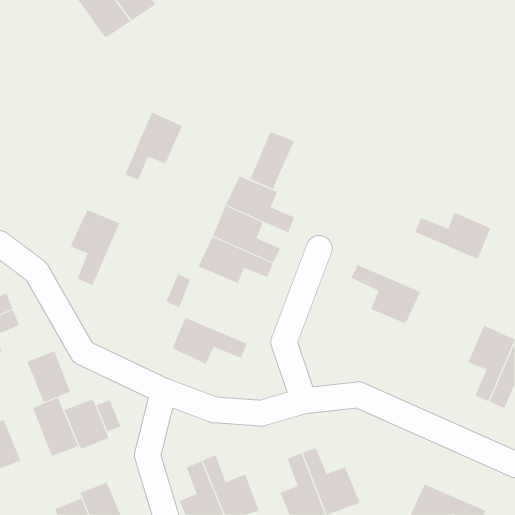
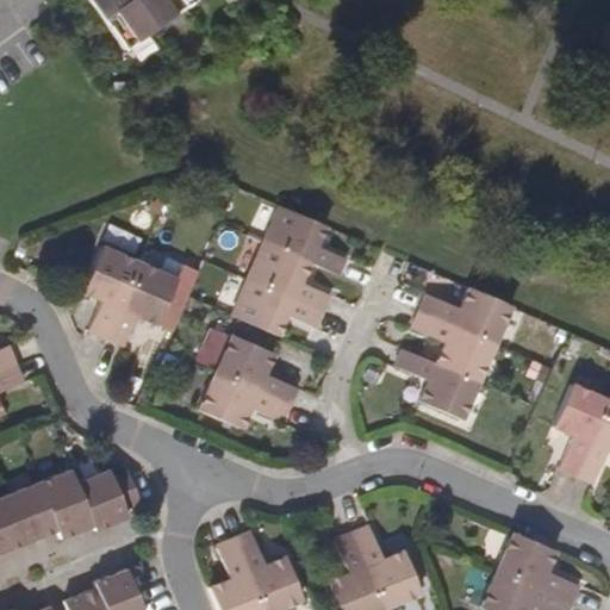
building: [124,112,183,180] -> [110,263,179,344]
building: [250,131,295,190] -> none
building: [415,212,491,259] -> [422,288,512,344]
building: none -> [218,334,300,405]
building: none -> [398,351,479,421]
building: [26,350,71,403] -> [5,481,57,543]
building: none -> [500,534,581,603]

